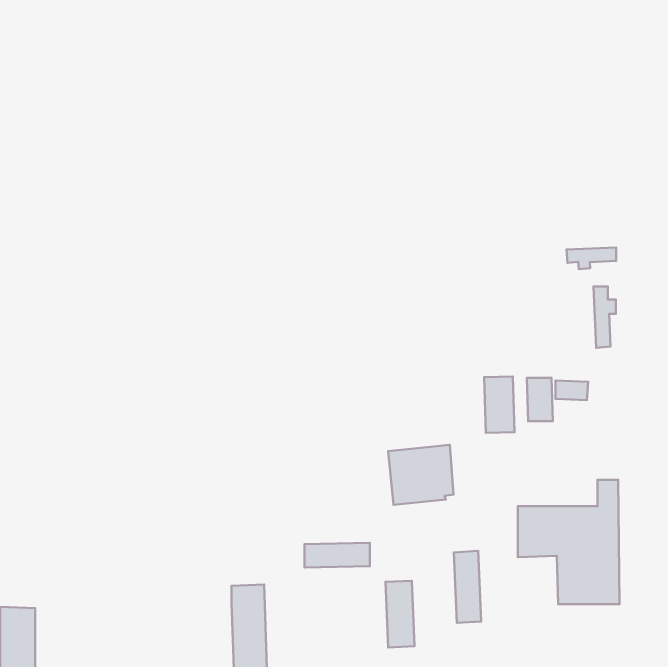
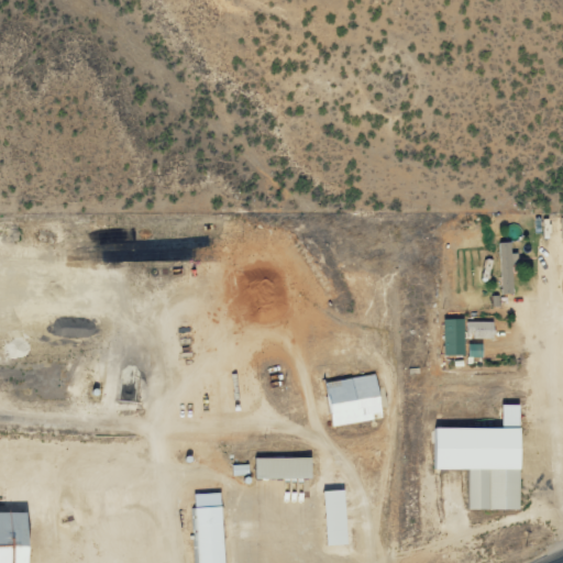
building: [567,247,616,269] -> none
building: [484,377,515,433] -> none
building: [454,551,481,623] -> none

